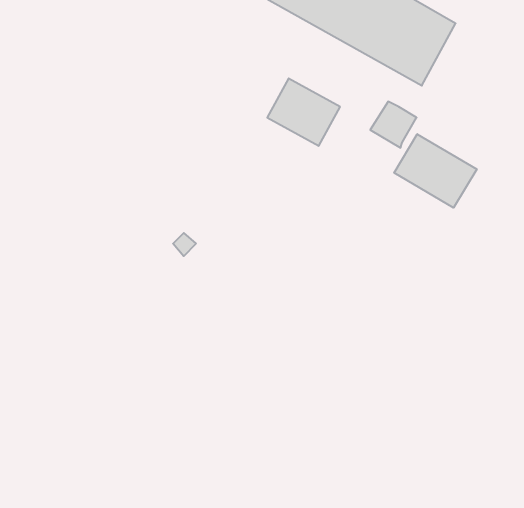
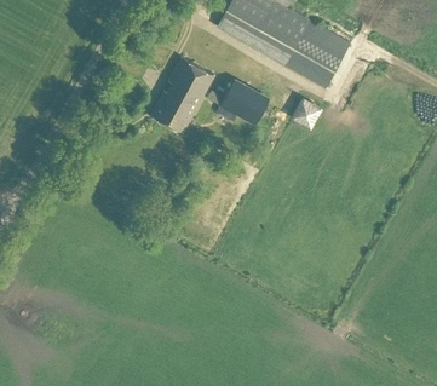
building: none -> [150,57,213,132]
building: [394,134,477,208] -> none

